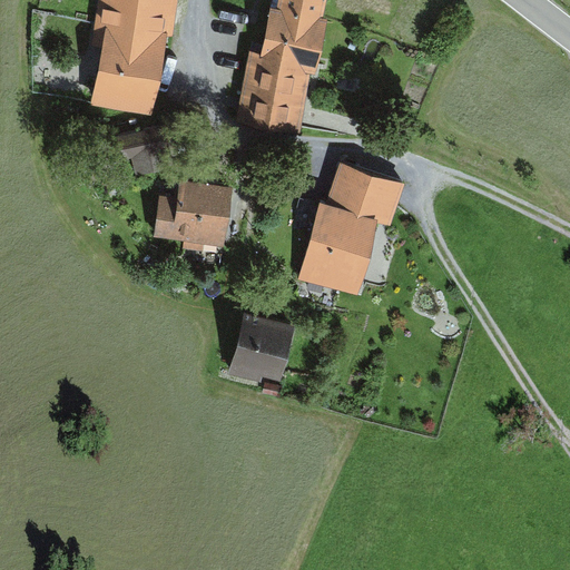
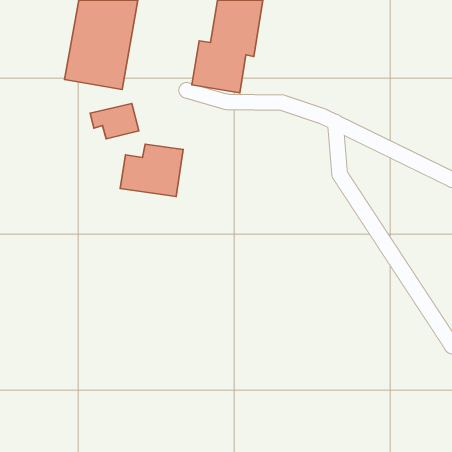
building: [301,164,404,294] -> none
building: [228,315,293,382] -> none

